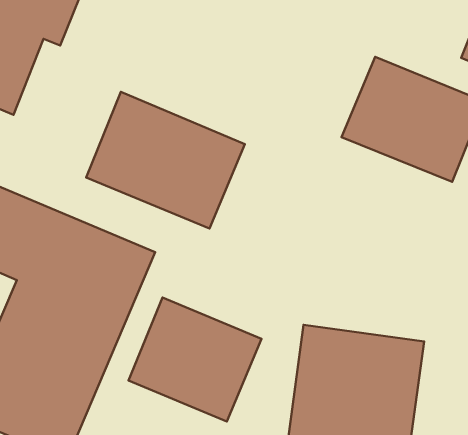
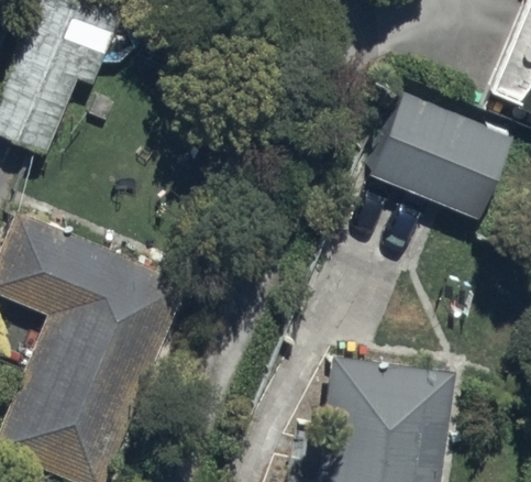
building: [86,92,245,229] -> none
building: [128,297,262,421] -> none

